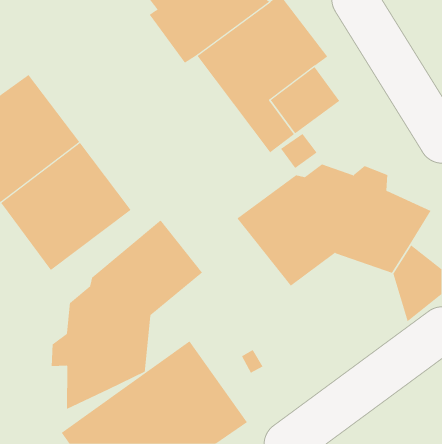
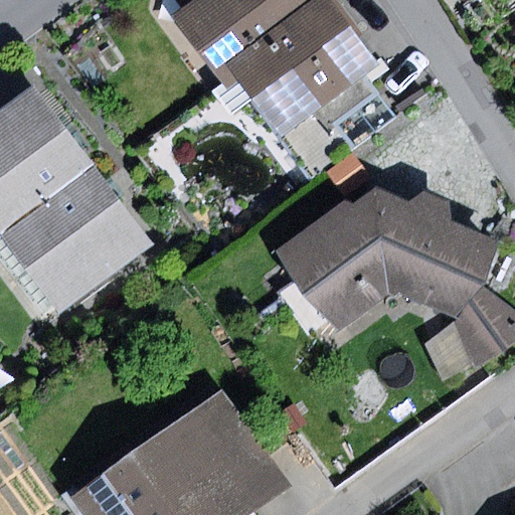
building: [51,220,203,410] -> none

